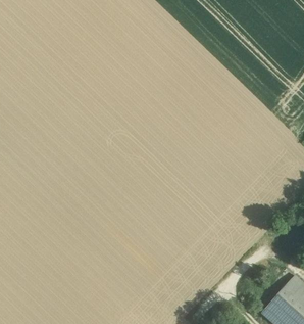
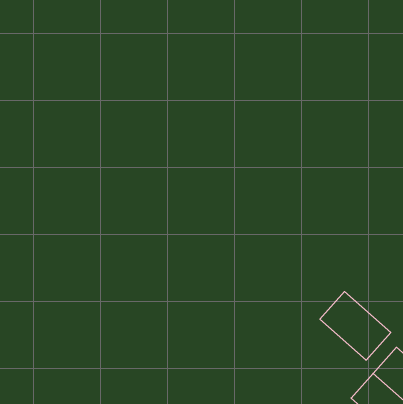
building: none -> [320,292,391,360]

